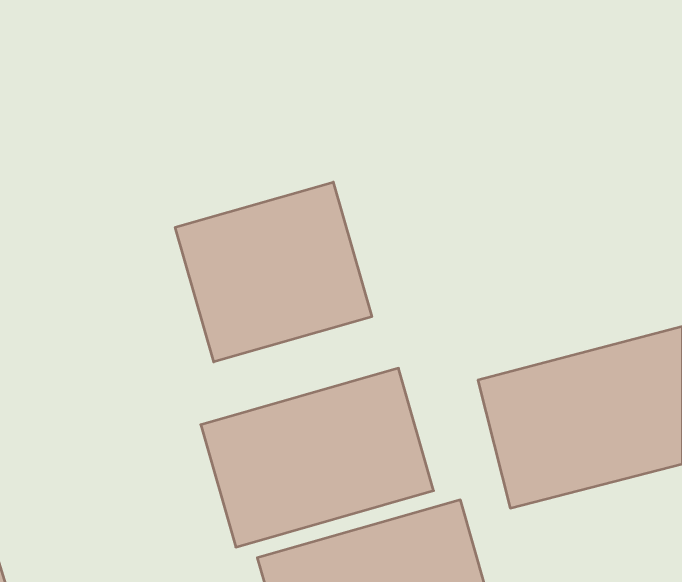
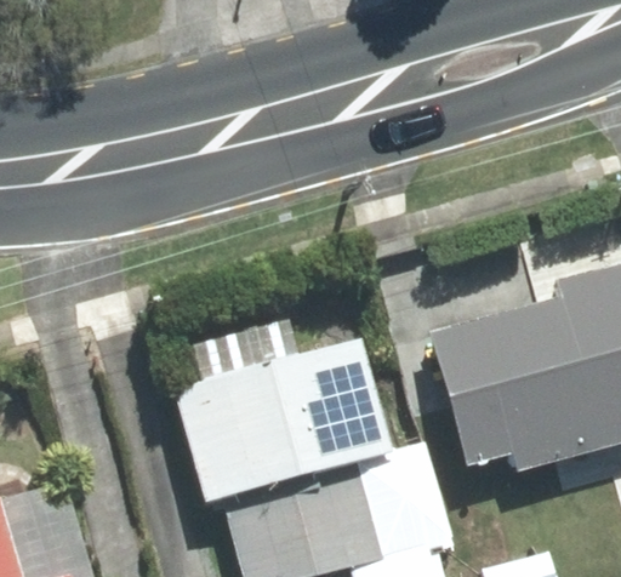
building: [175,182,372,362] -> none

